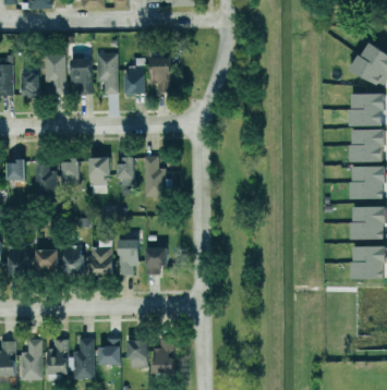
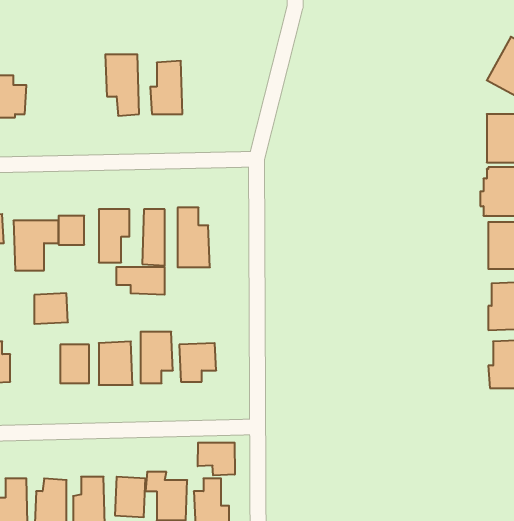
building: [44,53,65,94] -> none
building: [153,57,174,90] -> none
building: [72,59,93,94] -> none
building: none -> [116,267,165,295]
building: [37,248,60,269] -> [34,293,68,324]
building: none -> [198,443,235,475]

